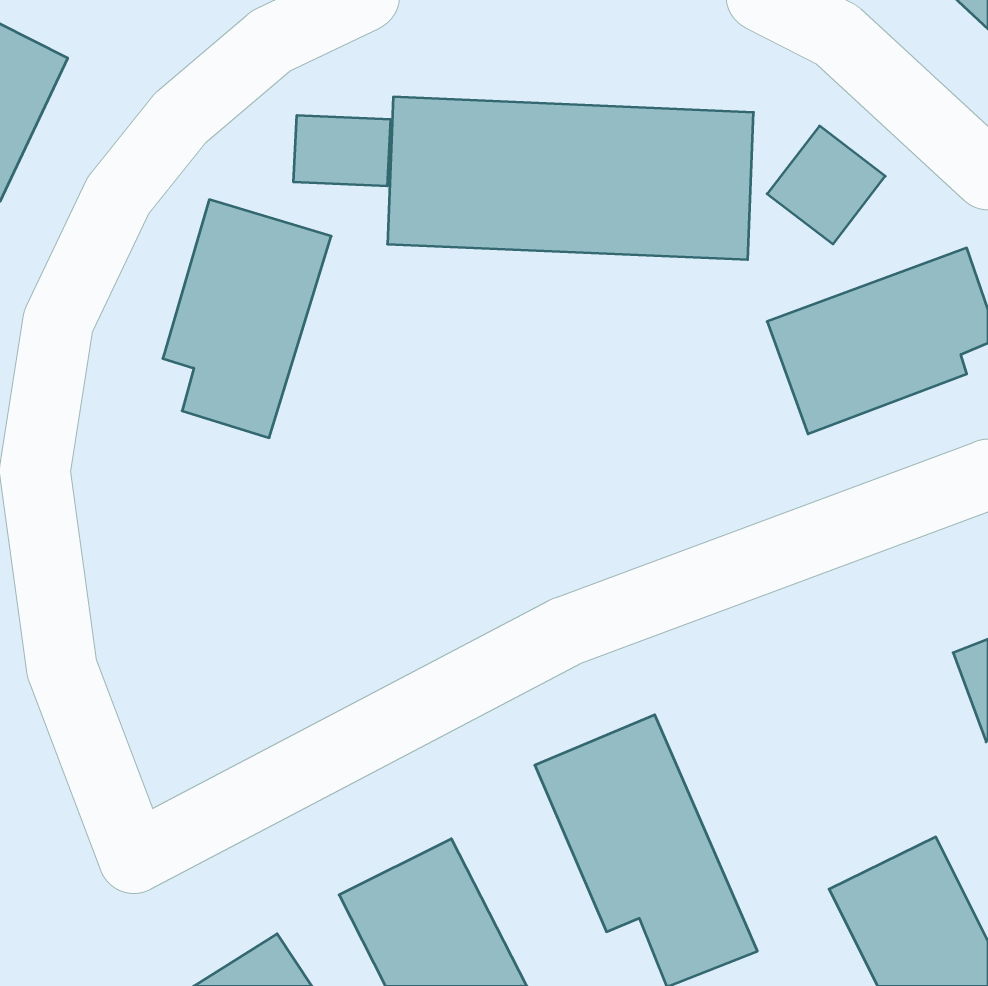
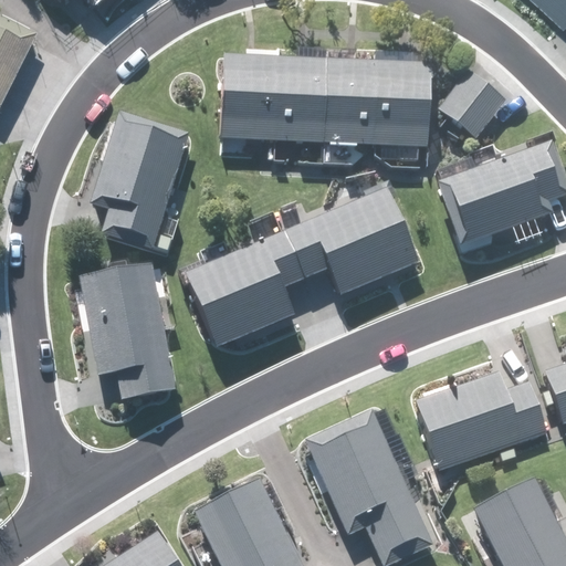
building: [294,115,390,186] -> none
building: none -> [189,189,418,346]
building: none -> [82,264,178,400]
building: none -> [415,370,545,464]

